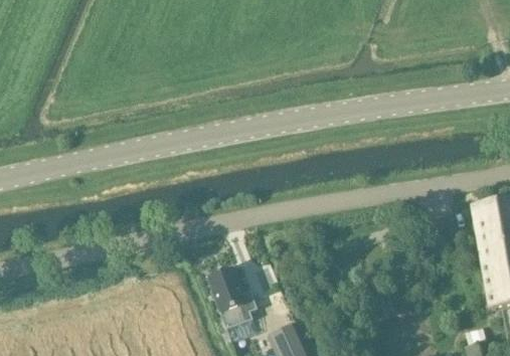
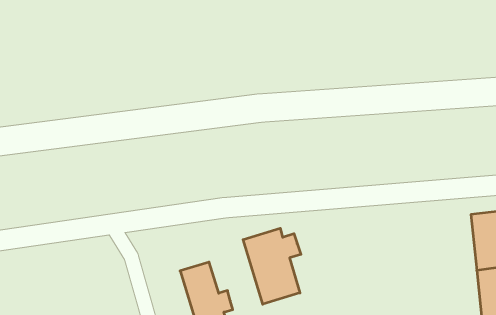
building: none -> [243,228,301,304]

